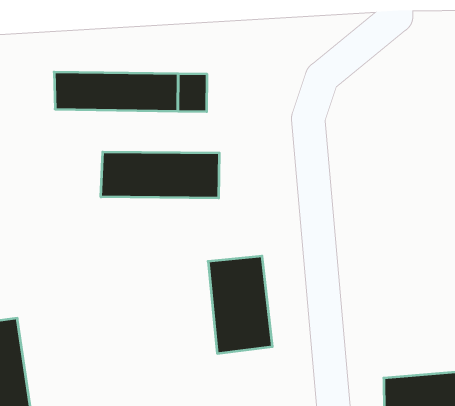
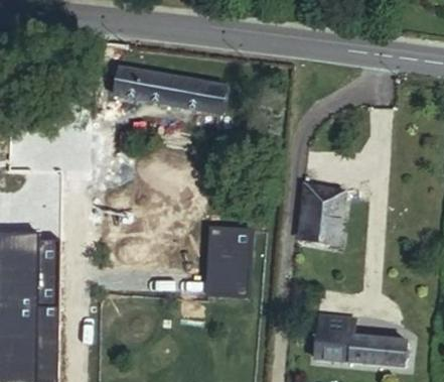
building: [101,152,219,198] -> none
building: none -> [306,184,349,245]

